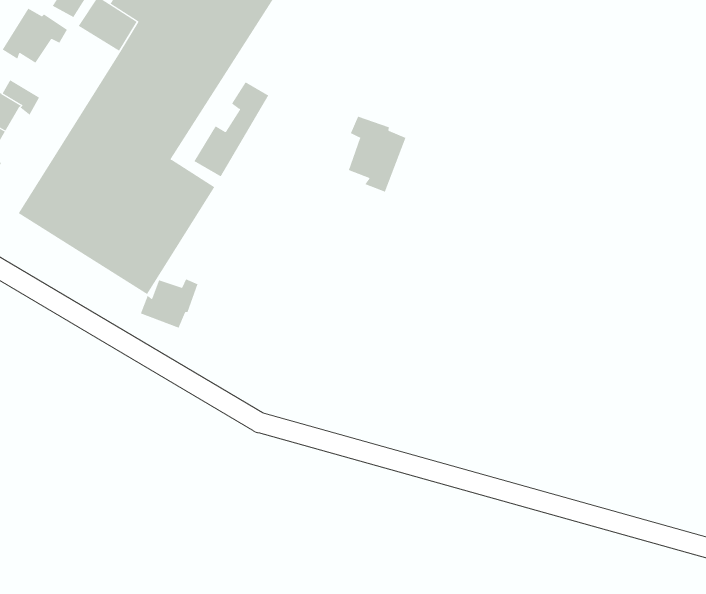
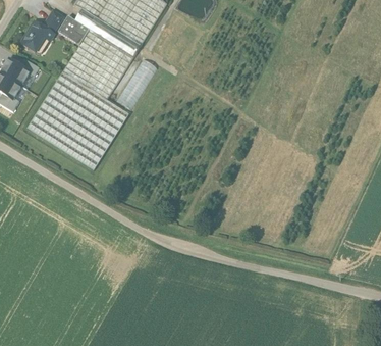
building: [348,116,406,192] -> none
building: [140,278,198,329] -> none

